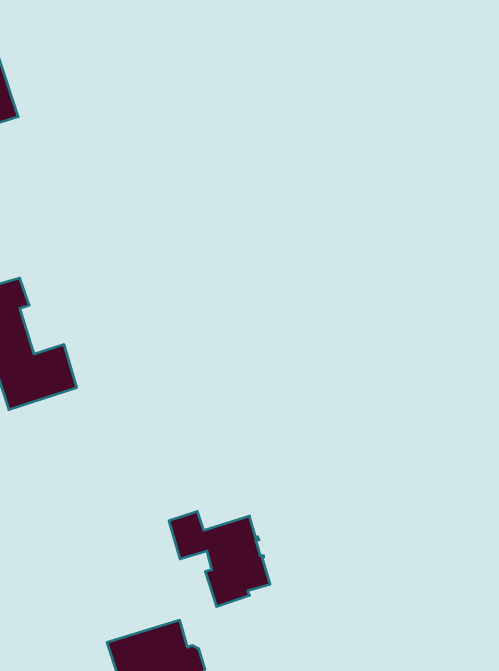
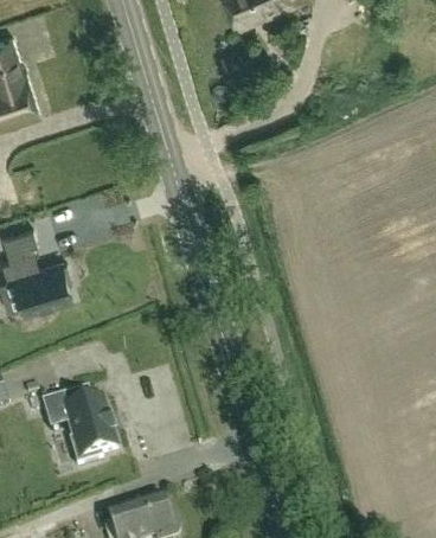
building: [169,511,270,606] -> [40,393,116,465]

